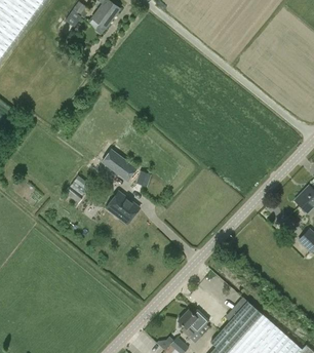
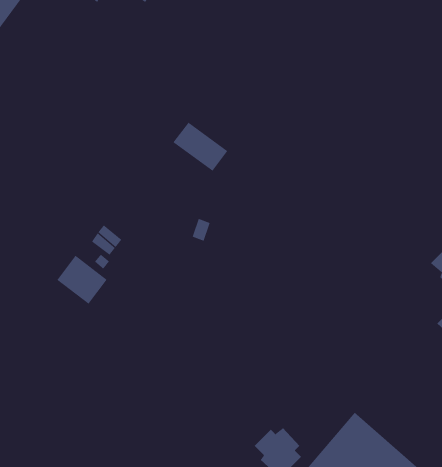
building: [101,148,138,181] -> [173,122,228,171]
building: [106,191,140,224] -> [56,255,108,304]

